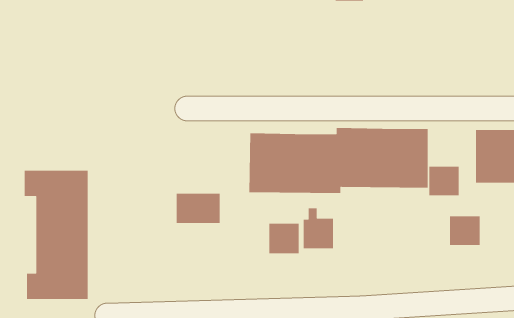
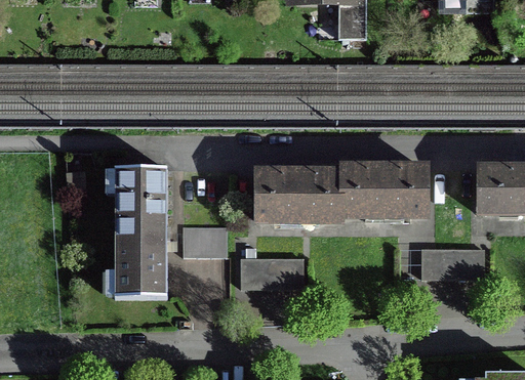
building: [428,166,460,196] -> [420,248,451,278]
building: [24,170,88,300] -> [103,168,166,296]
building: [303,207,334,249] -> [242,245,273,286]

